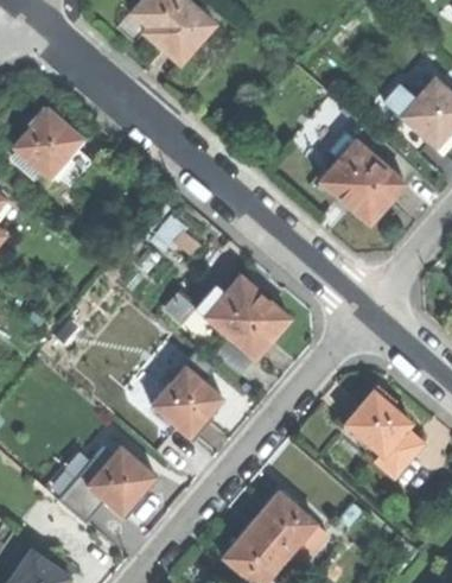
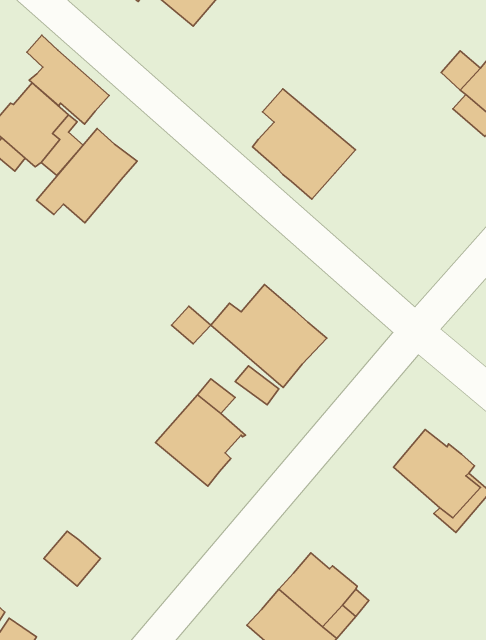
building: none -> [27,35,109,124]
building: [322,132,406,222] -> [252,89,355,199]
building: none -> [37,128,137,223]
building: [88,448,159,517] -> none

